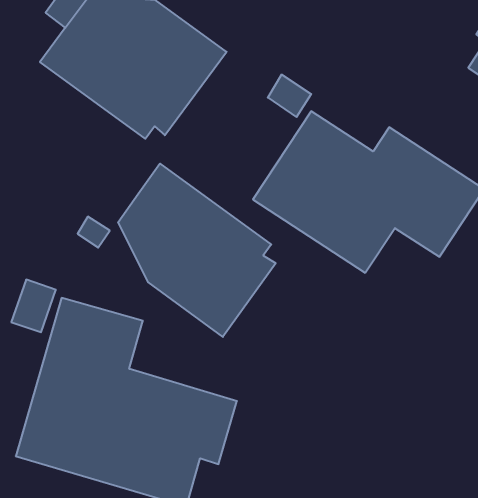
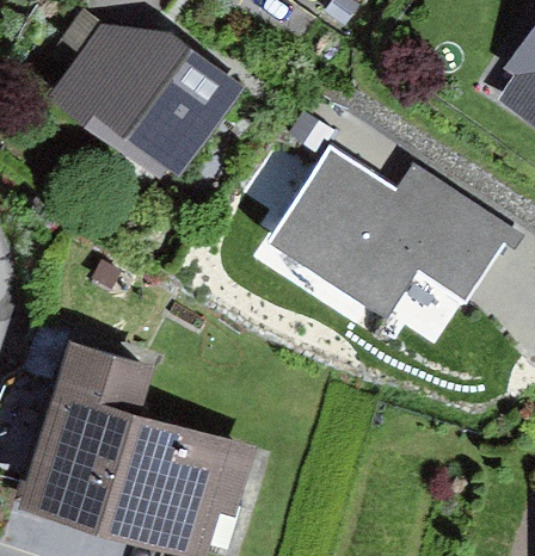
building: [118,164,276,337] -> none

